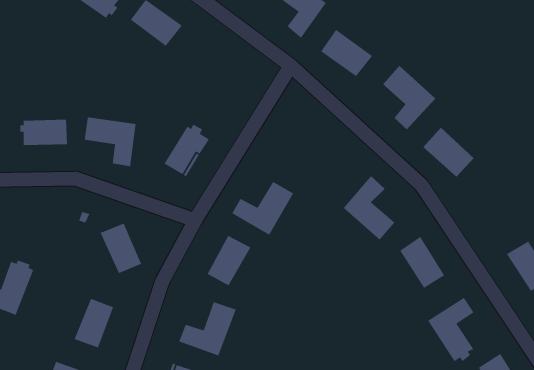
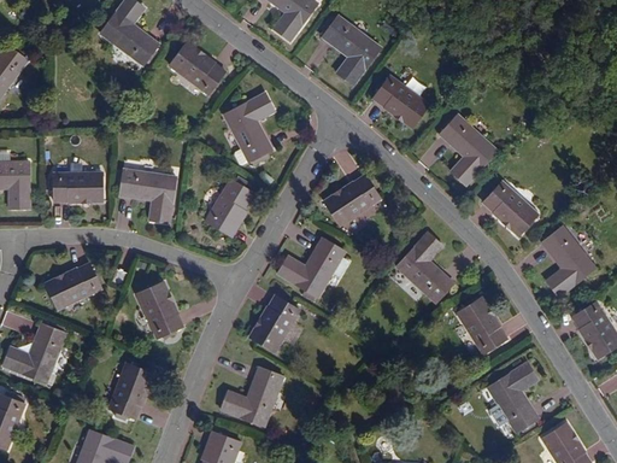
building: none -> [224,92,275,164]
building: none -> [324,174,381,225]
building: none -> [541,225,595,297]
building: none -> [46,263,104,309]

